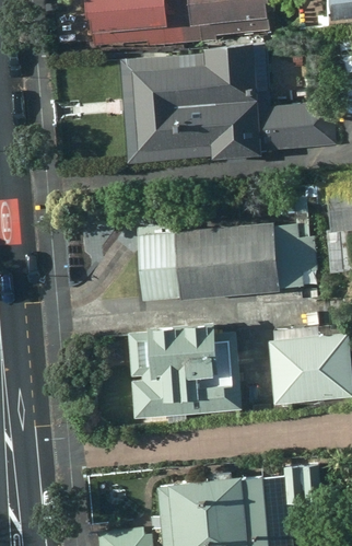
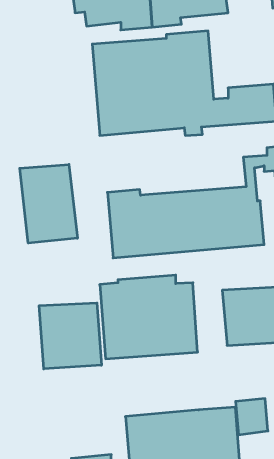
building: none -> [20,164,77,243]
building: none -> [39,303,101,369]

